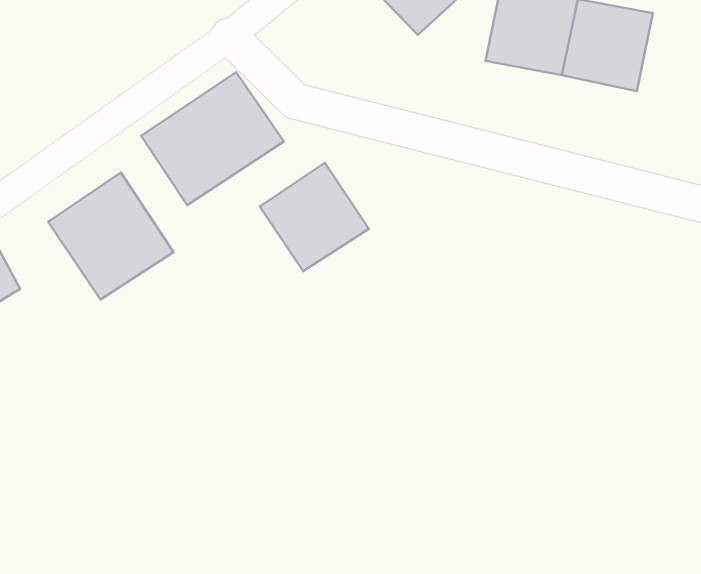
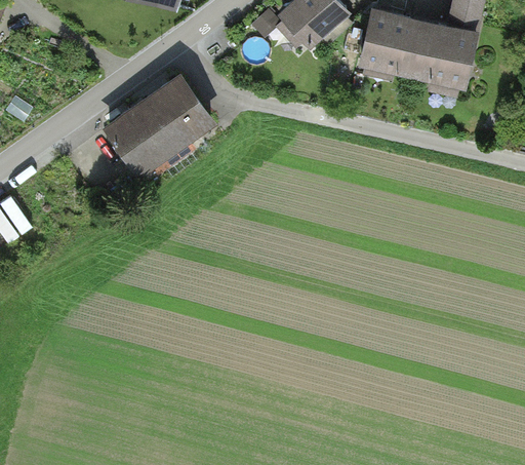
building: [260,163,369,271] -> none
building: [48,173,174,300] -> none

